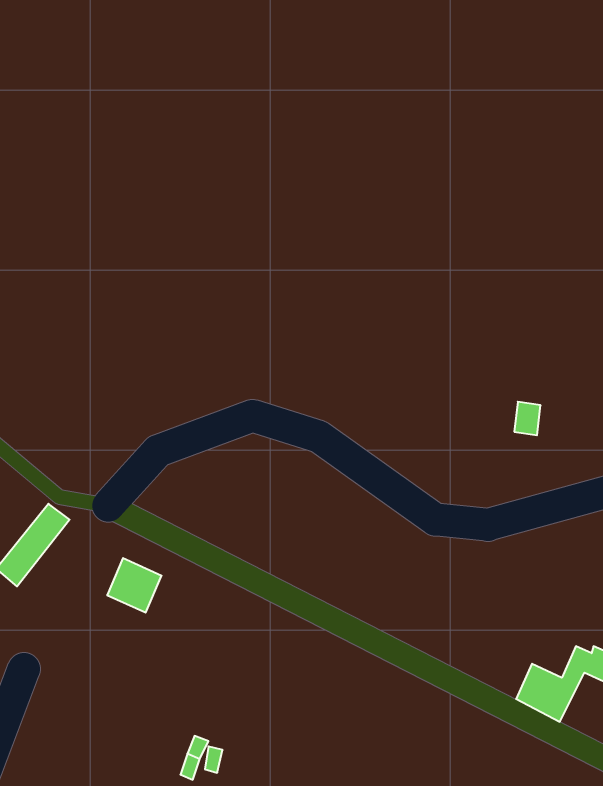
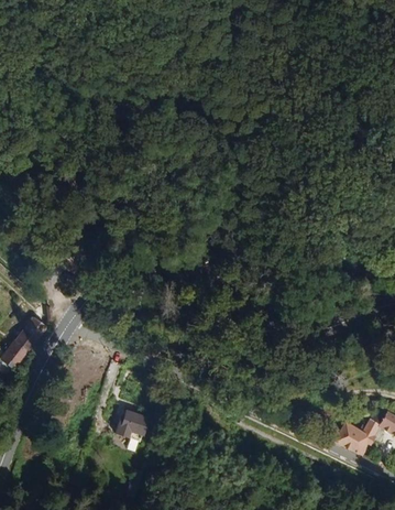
building: [107,558,162,613] -> [112,406,146,441]

